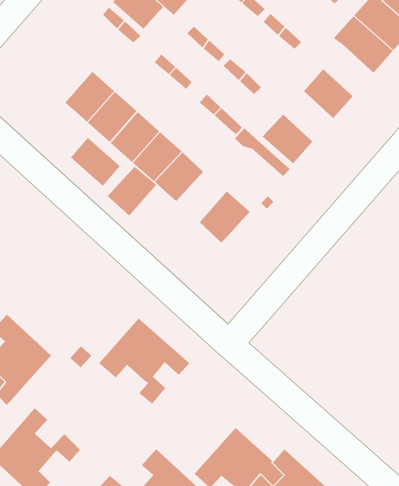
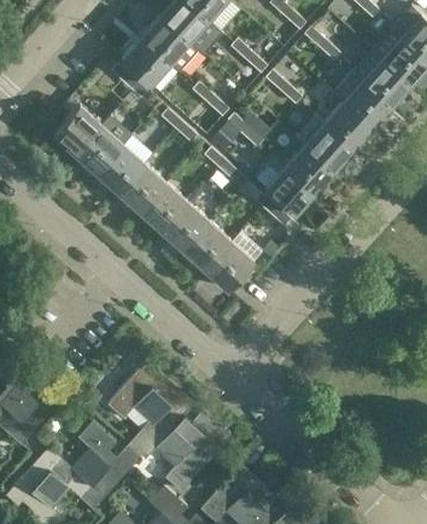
building: none -> [323,100,372,149]
building: none -> [53,105,101,155]
building: none -> [285,144,333,192]
building: [70,137,121,187] -> none
building: [107,166,157,216] -> [182,221,230,269]
building: none -> [131,404,232,493]
building: none -> [47,423,134,510]

